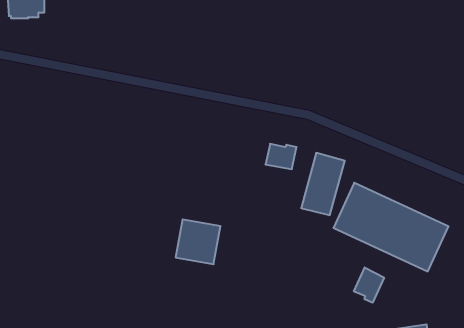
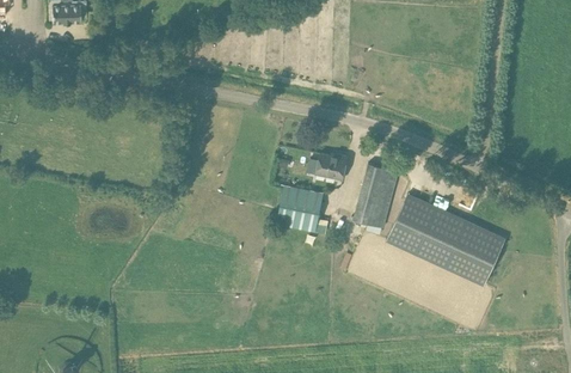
building: [176,219,221,264] -> [276,185,323,232]
building: [354,267,384,303] -> none

